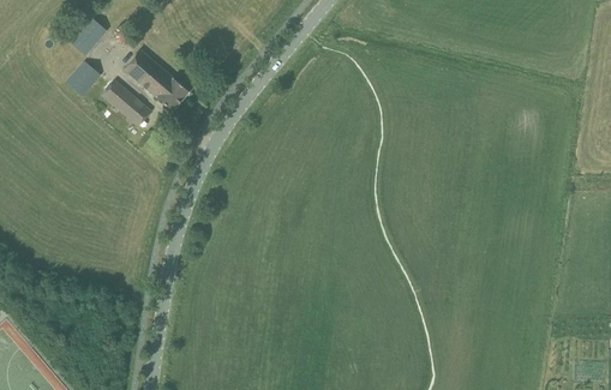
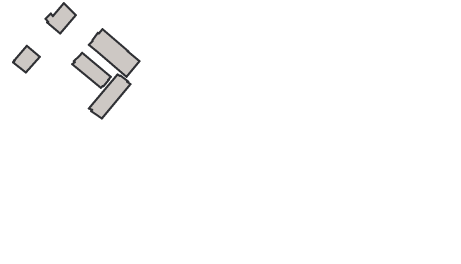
building: [66,61,101,96] -> [13,46,40,73]
building: none -> [89,74,131,118]

